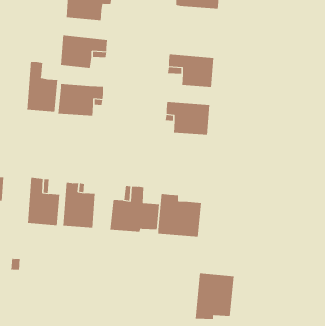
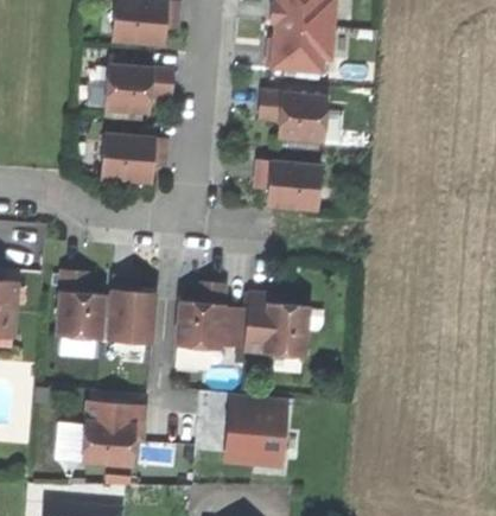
building: none -> [267,23,332,71]
building: [27,61,58,112] -> none
building: none -> [82,401,146,465]
building: [195,273,235,320] -> [228,394,285,461]

